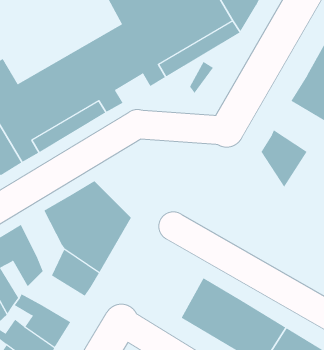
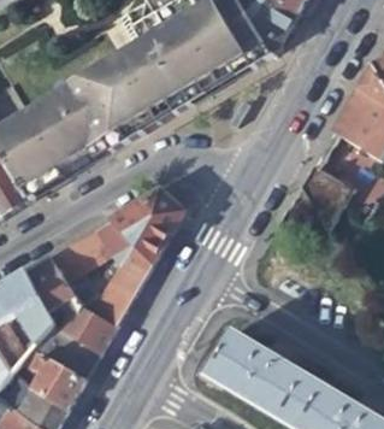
building: none -> [108,189,181,261]
building: none -> [25,253,71,307]
building: none -> [49,331,98,380]

